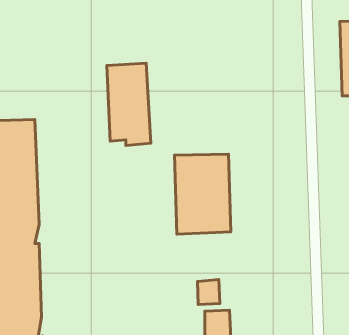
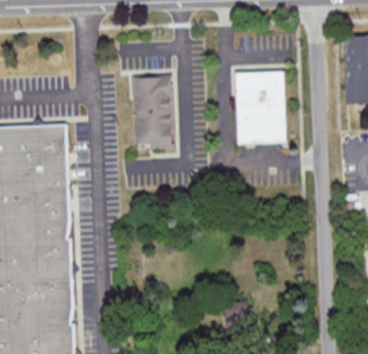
building: [175,154,231,234] -> [235,72,287,145]
building: [197,280,220,304] -> none

